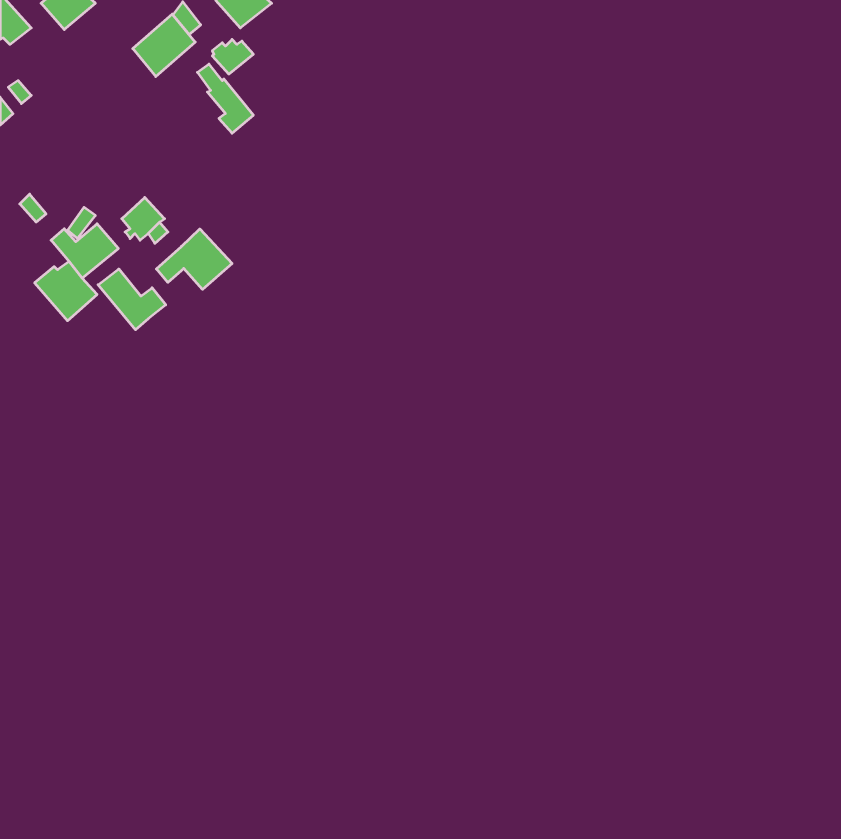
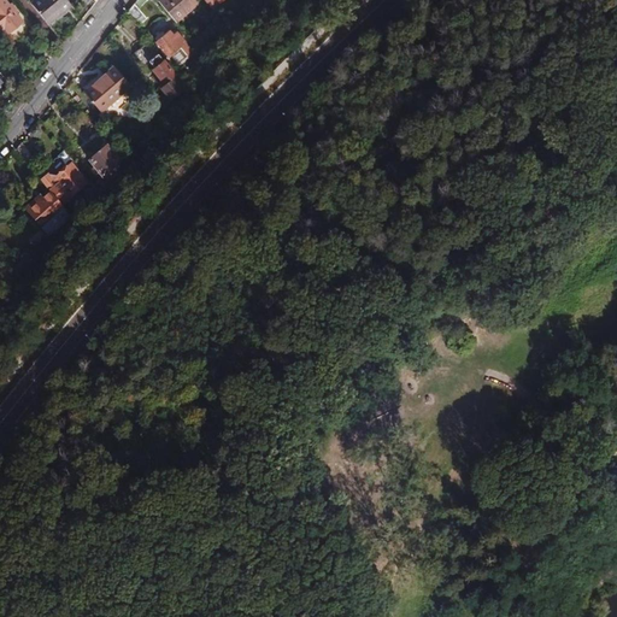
building: [133,14,195,77] -> [84,65,130,111]
building: [156,229,232,289] -> none
building: [98,269,166,330] -> none

